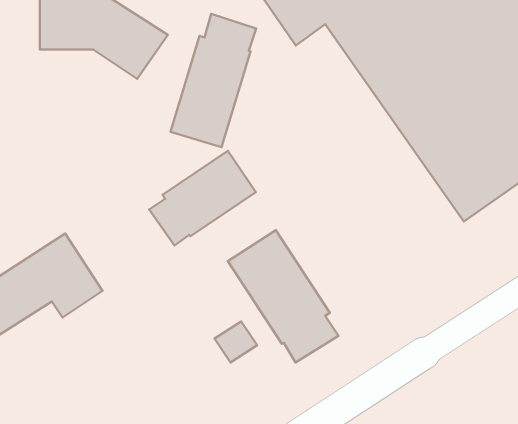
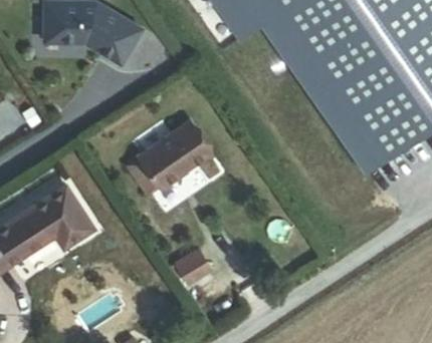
building: [170,14,256,147] -> none
building: [228,230,338,362] -> none

